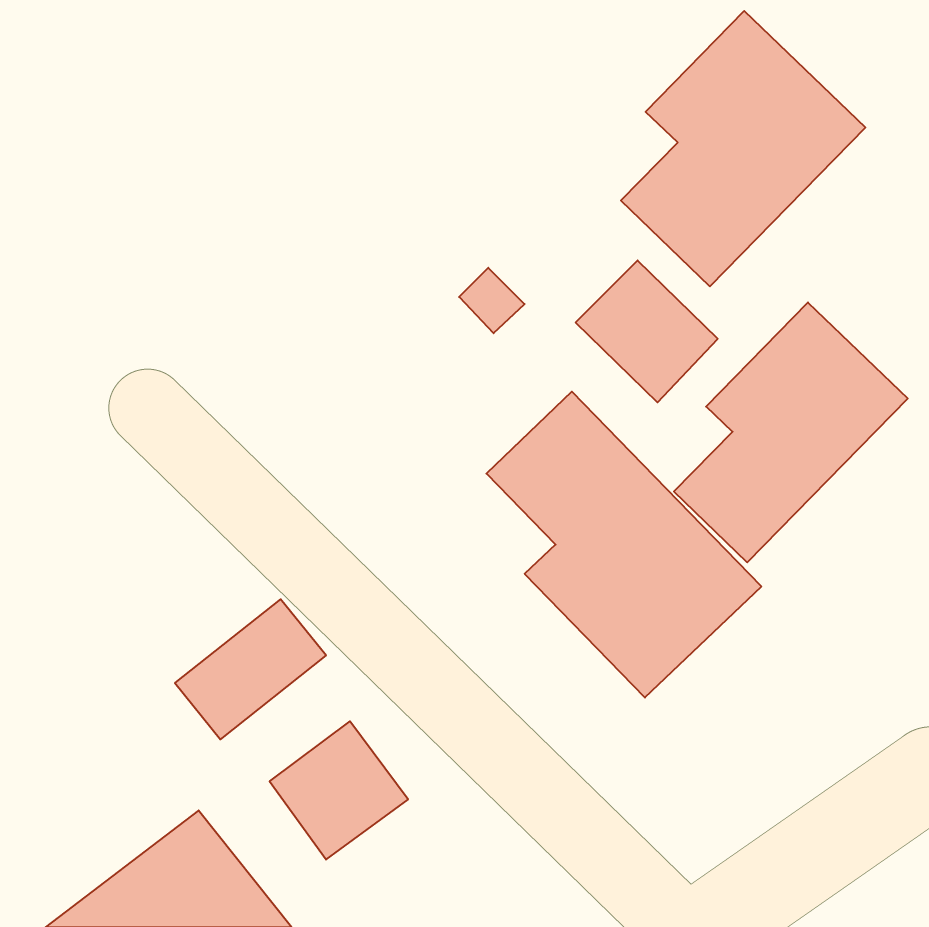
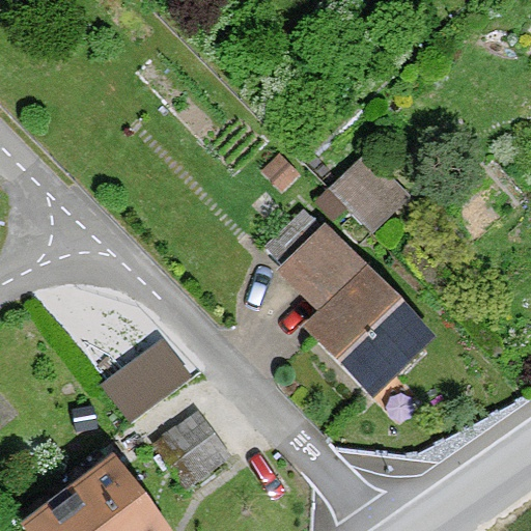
building: [621,11,865,286] -> none
building: [674,302,908,562] -> none

